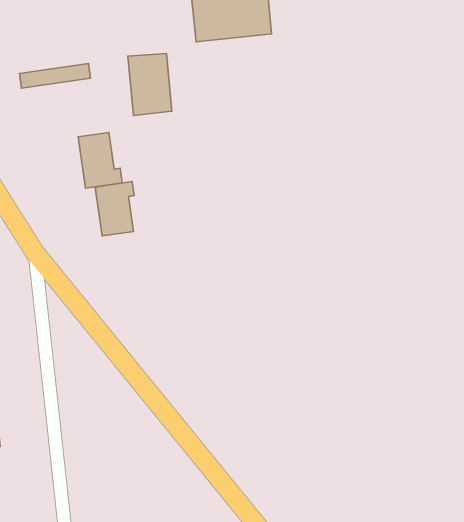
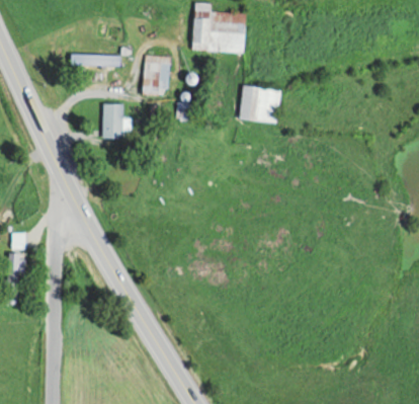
building: none -> [240,86,281,125]
building: [95,182,134,236] -> none

